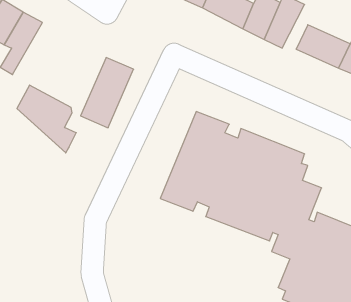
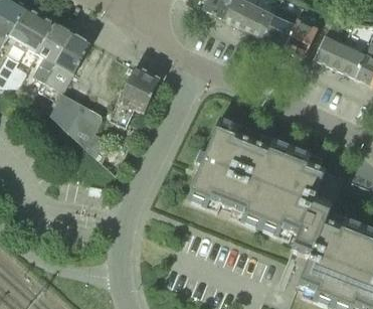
building: none -> [44,34,88,93]

